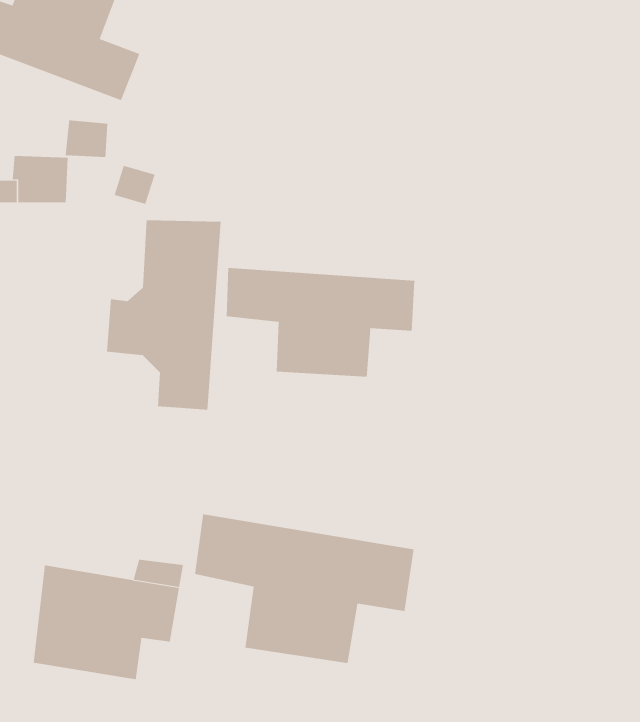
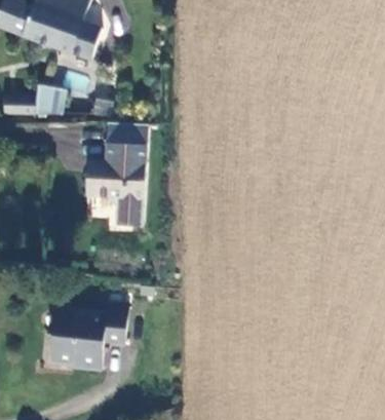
building: [226,267,415,377] -> none
building: [194,514,414,664] -> none

